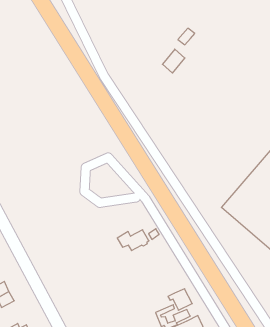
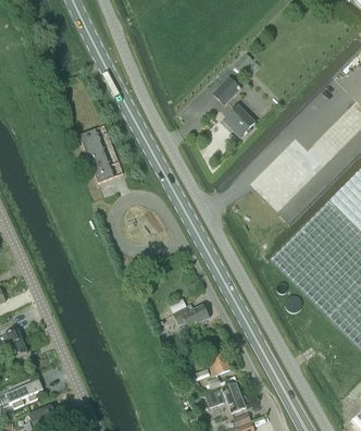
building: none -> [223,104,254,136]
building: none -> [79,128,114,182]
building: [117,230,149,251] -> [173,305,209,328]

